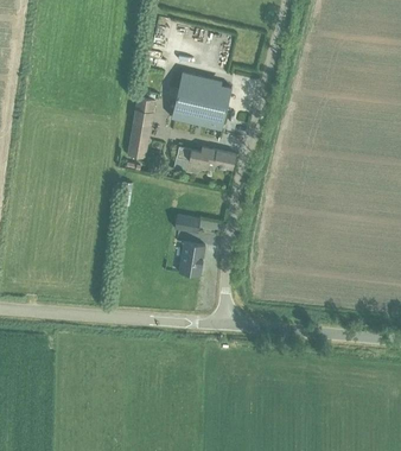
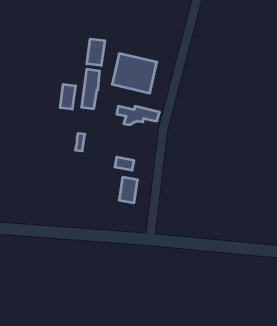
building: none -> [87,39,105,66]
building: none -> [60,84,76,109]

